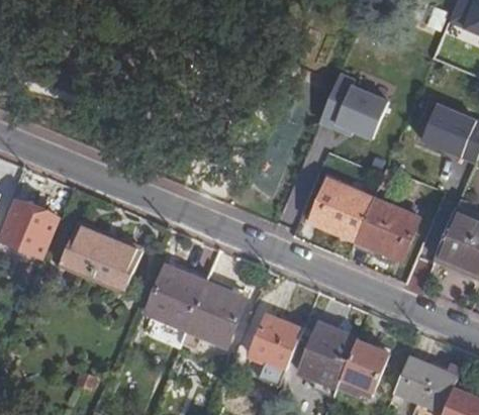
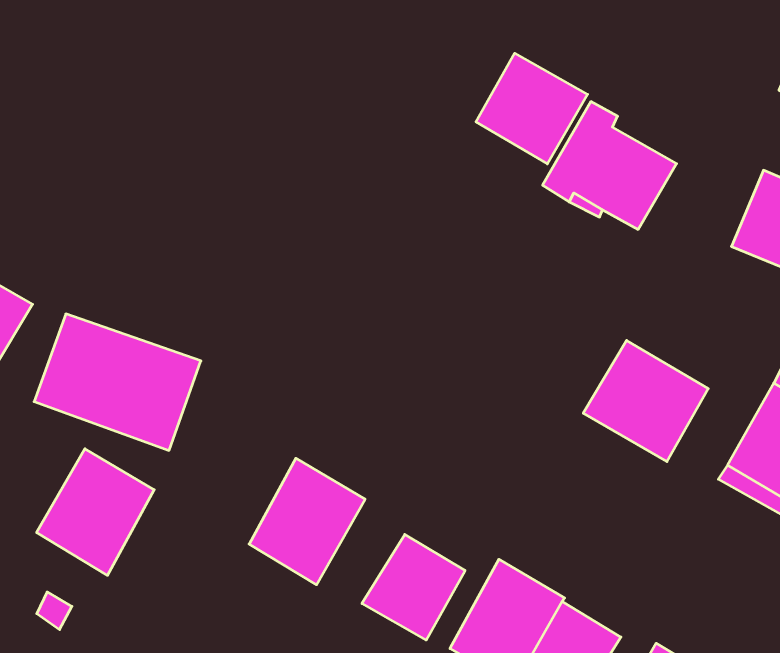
building: none -> [476,53,588,164]
building: [309,179,372,239] -> none
building: [145,265,204,330] -> [37,449,154,575]

